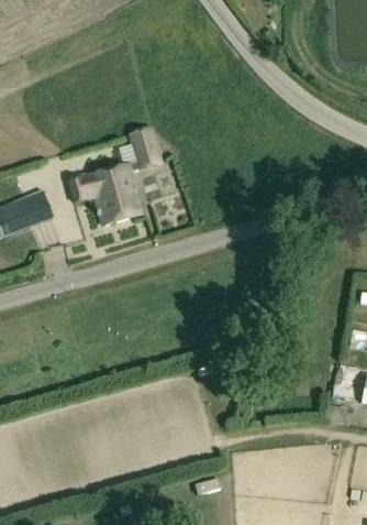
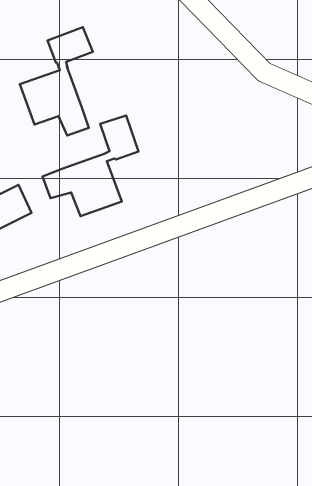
building: none -> [20,27,93,135]

